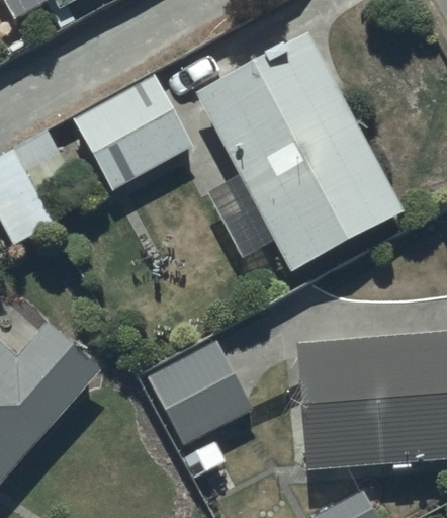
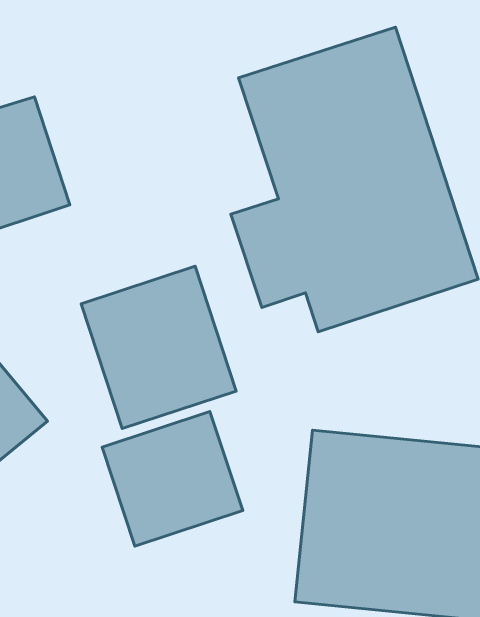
building: [74,76,191,188] -> none
building: none -> [81,266,236,429]

